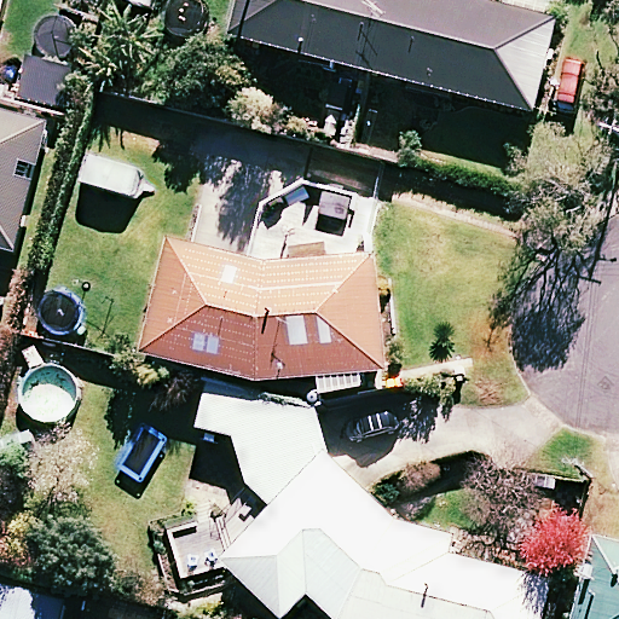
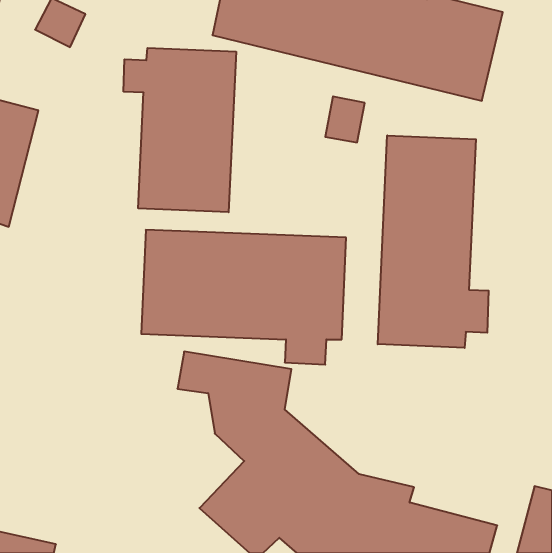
building: none -> [124,48,236,212]
building: none -> [378,135,489,348]

